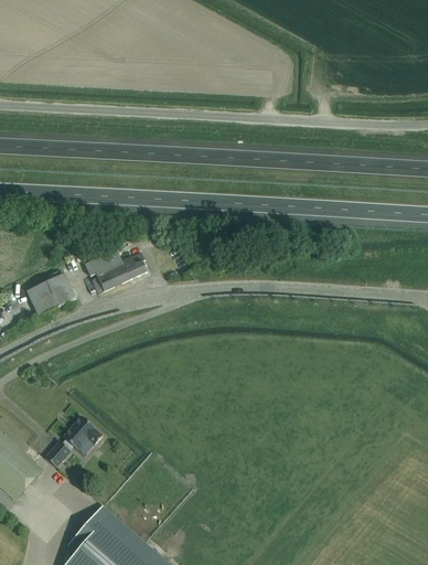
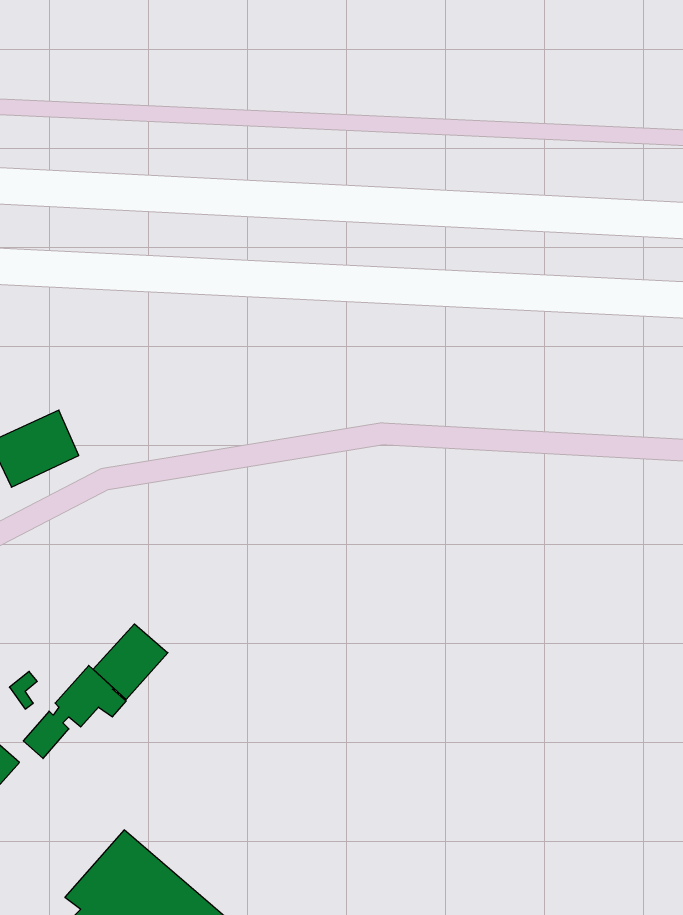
building: [85,250,147,295] -> none
building: none -> [93,624,168,700]

